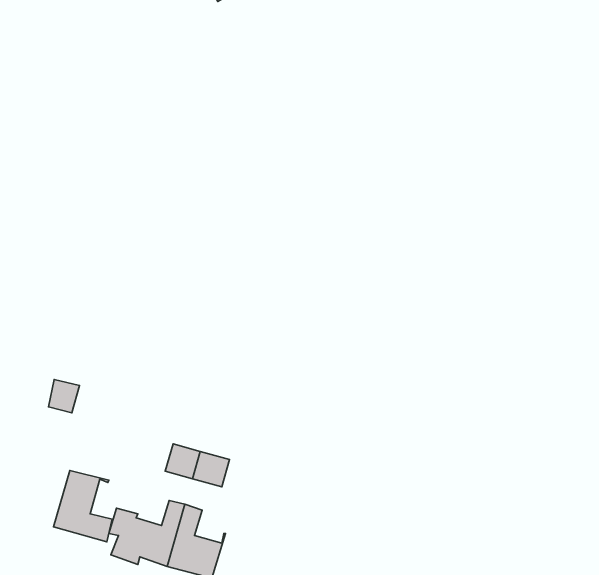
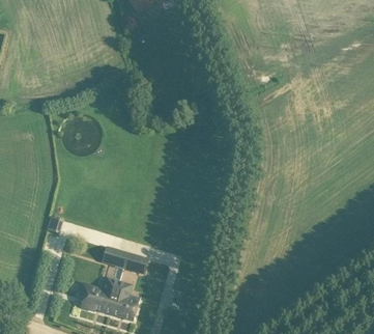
building: [53,471,112,542] -> none

